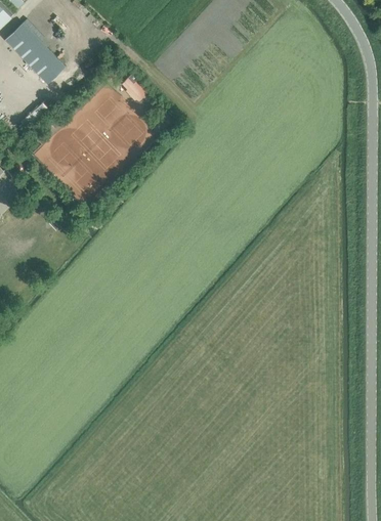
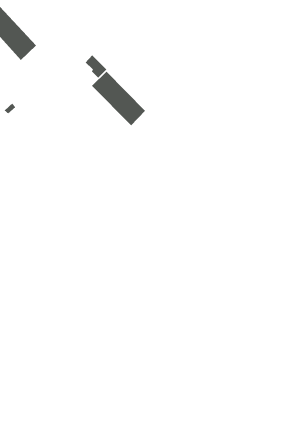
building: none -> [91,71,146,126]

